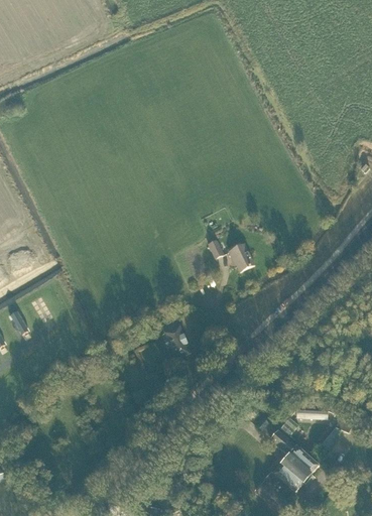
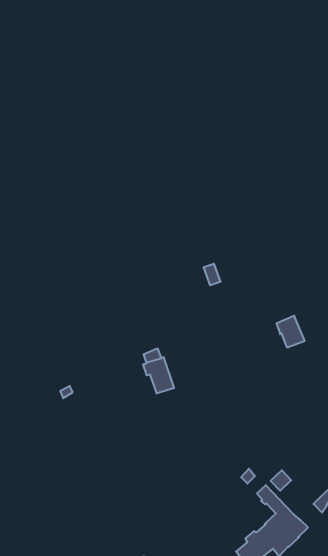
building: [228,243,254,271] -> [276,316,305,347]

